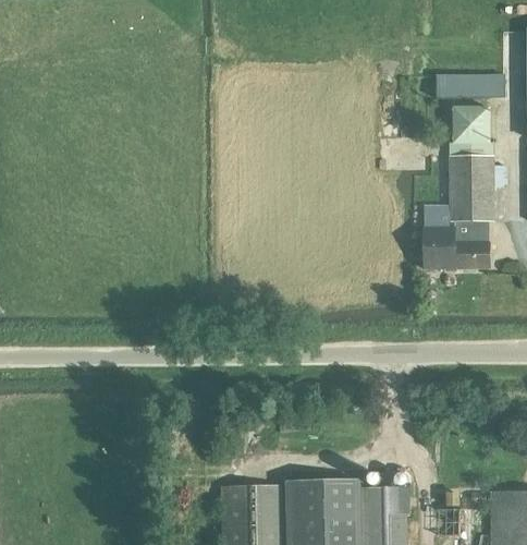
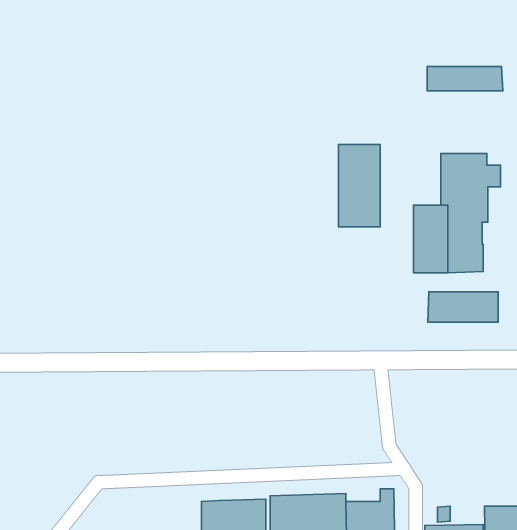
building: [453,105,492,144] -> none
building: none -> [339,144,380,227]
building: none -> [428,292,498,322]

